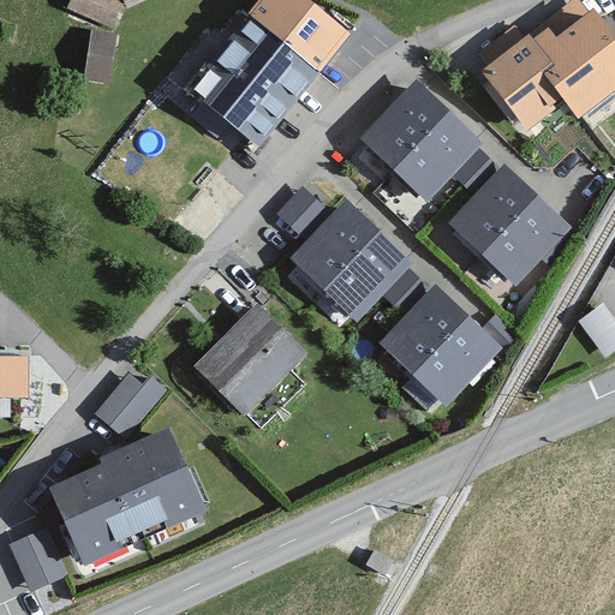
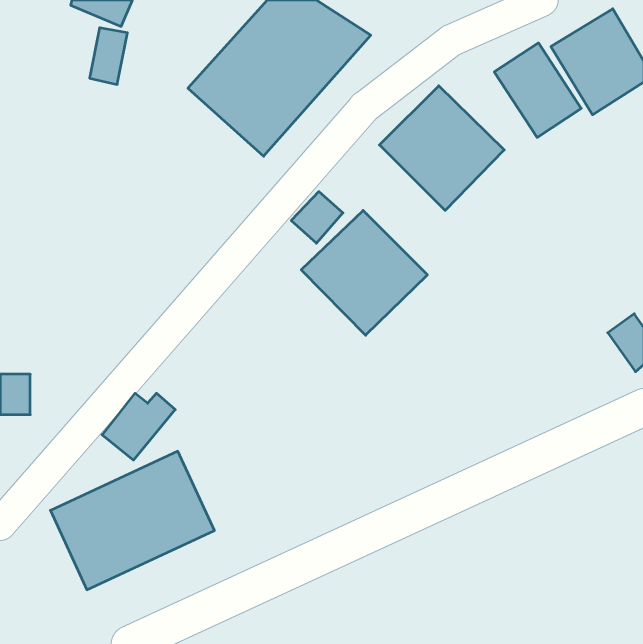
building: [450,165,573,287] -> none
building: [374,285,491,401] -> none
building: [187,299,308,419] -> none
building: [11,531,71,589] -> none

